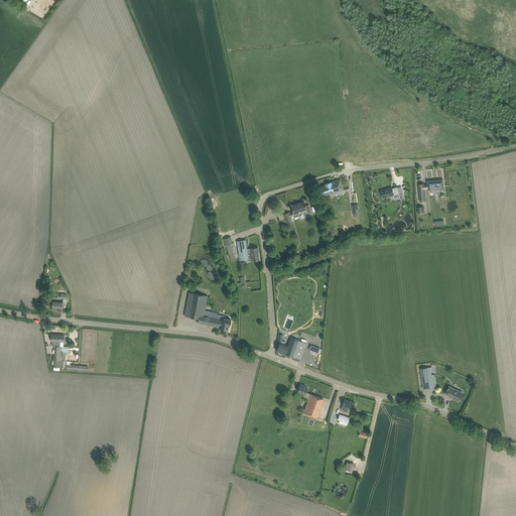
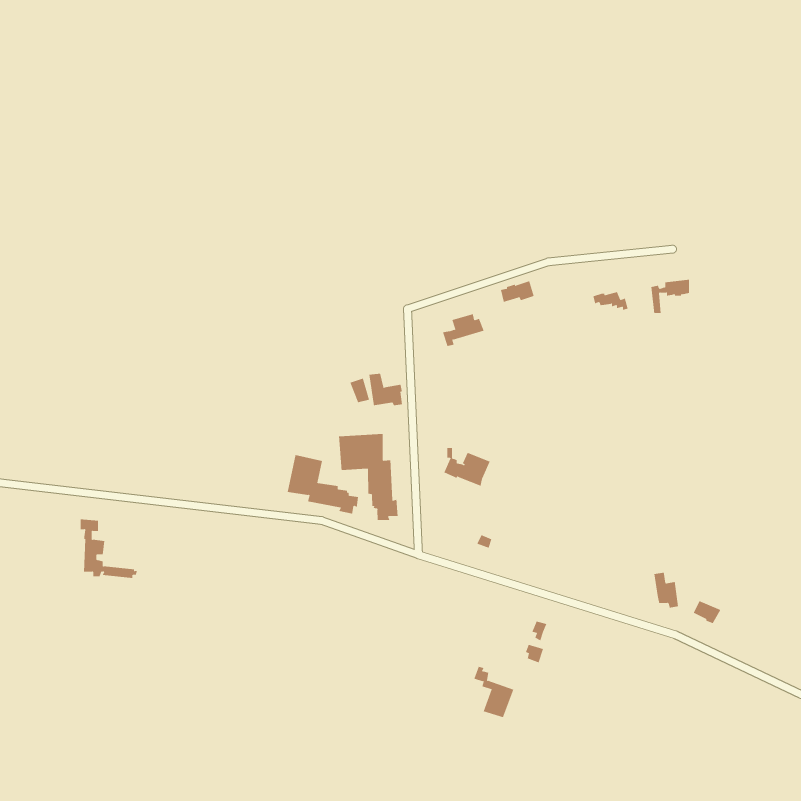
building: none -> [339,433,398,521]
building: [276,335,306,360] -> [444,447,491,487]
building: [297,384,324,417] -> [474,666,514,718]

